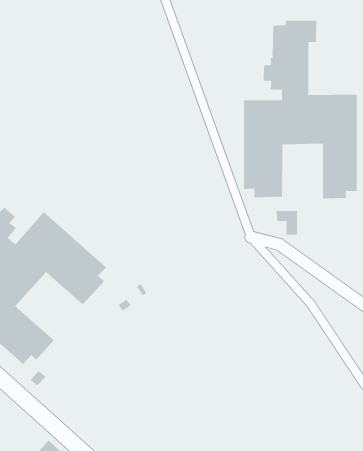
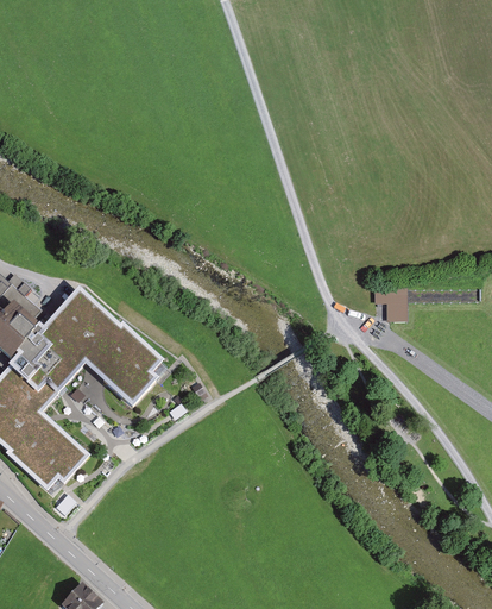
building: [243,20,357,199] -> none

